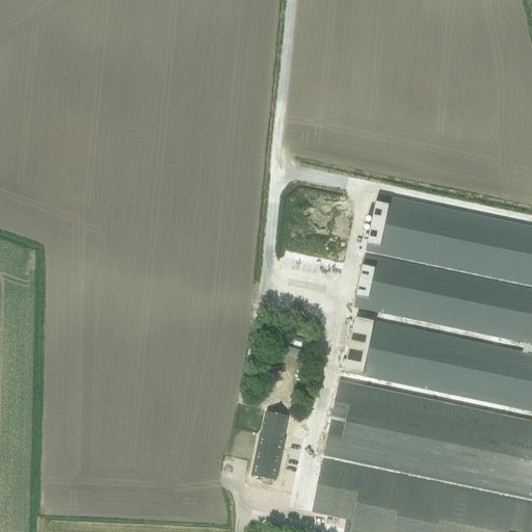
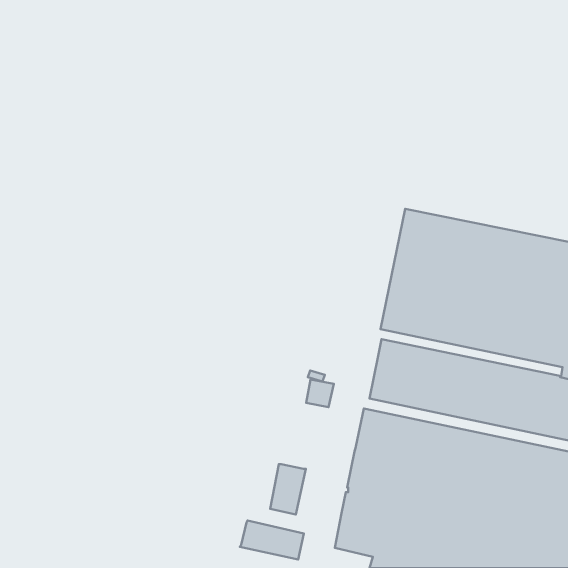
building: [264,410,290,436] -> [306,379,334,407]
building: none -> [240,520,304,559]

